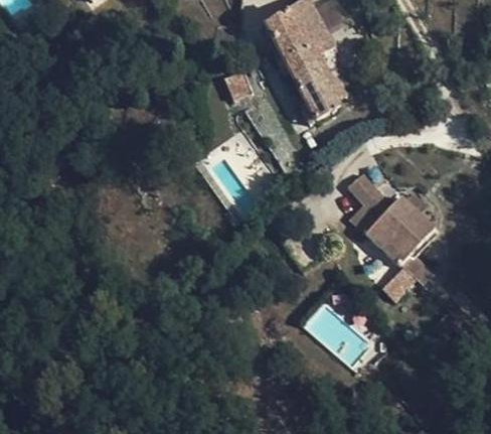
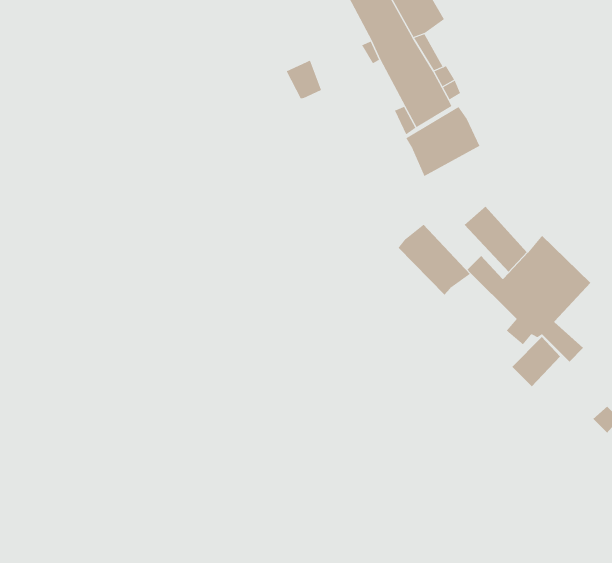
building: none -> [405,106,480,177]
building: none -> [398,224,471,295]

